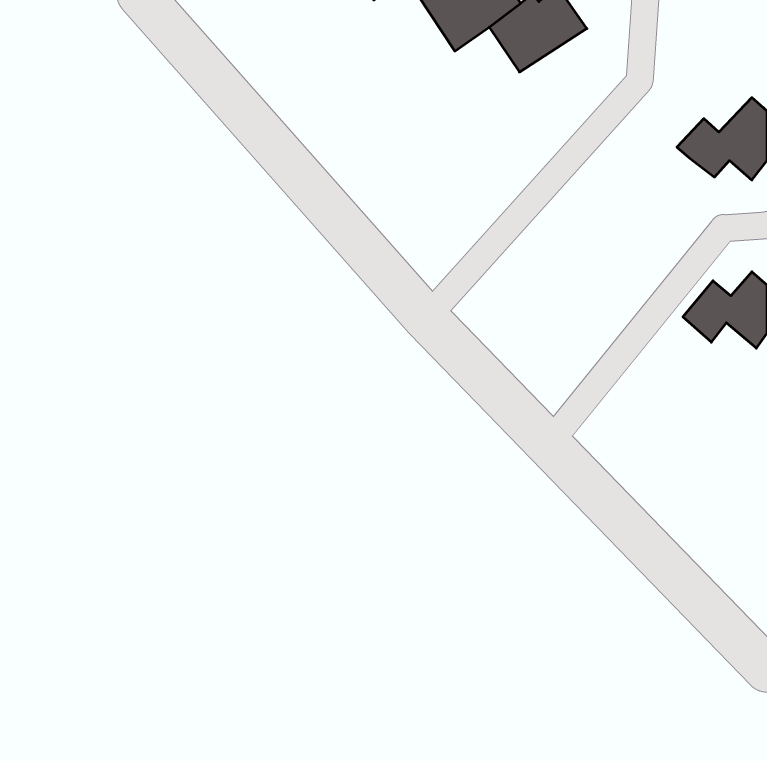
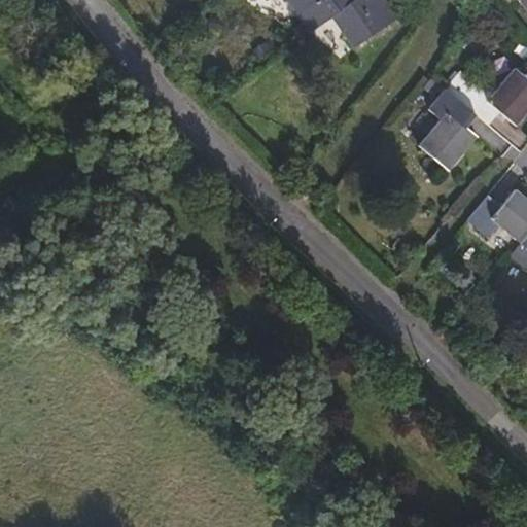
building: none -> [421,87,478,168]

